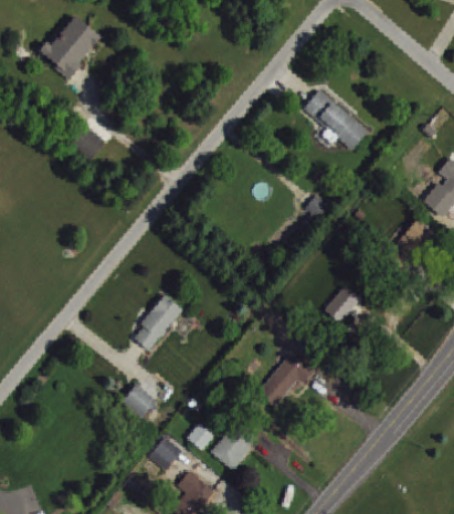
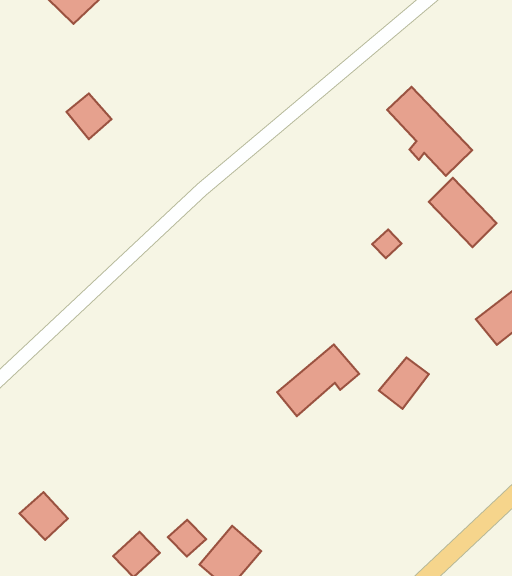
building: none -> [429,178,496,247]
building: [131,295,182,350] -> none
building: [256,352,314,407] -> [277,344,359,416]
building: [120,384,156,418] -> [19,492,68,540]

